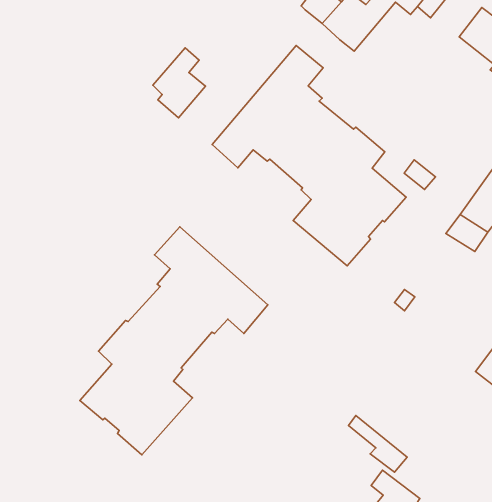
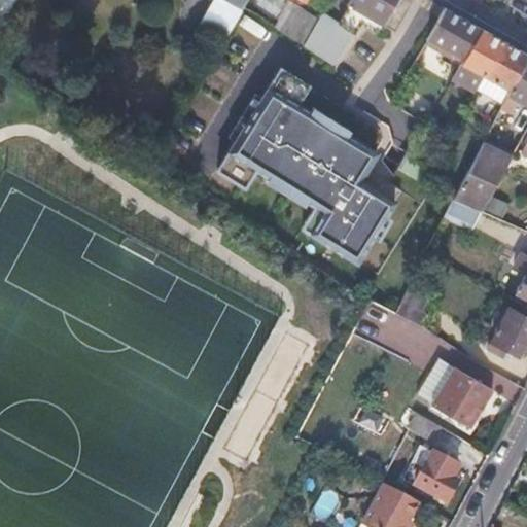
building: [153,48,206,118] -> none
building: [80,227,268,455] -> none
building: none -> [431,365,492,427]

